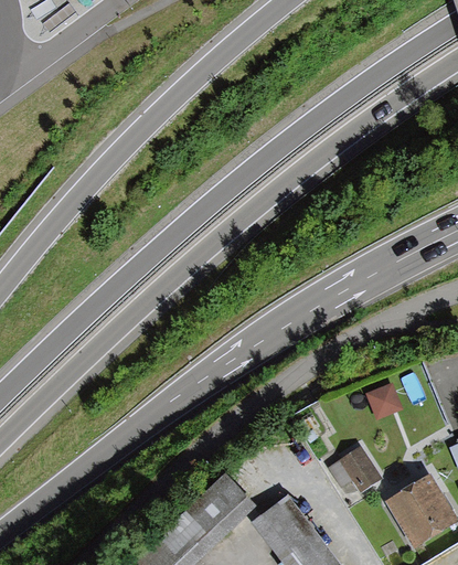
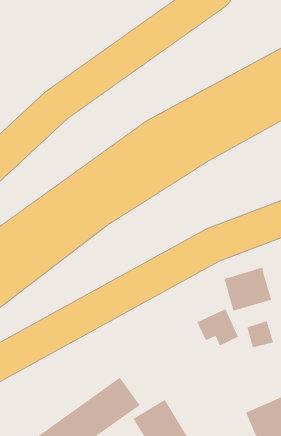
building: none -> [224,267,272,312]
building: [328,446,381,492] -> [197,308,239,346]

